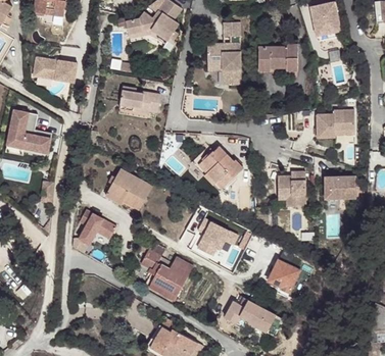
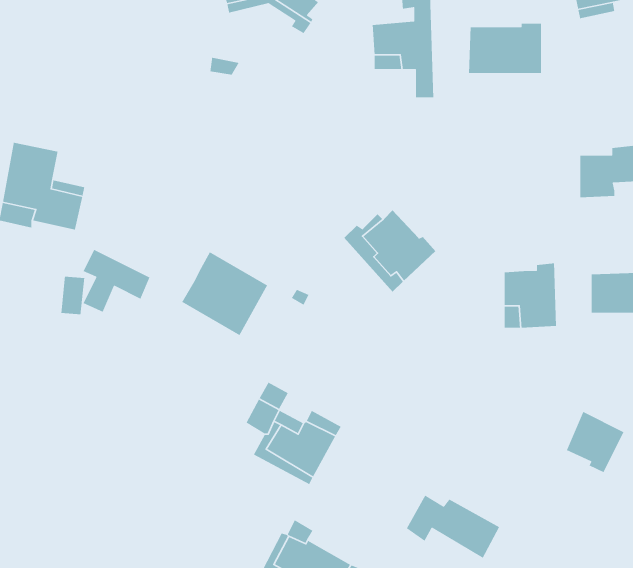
building: [32,56,76,81] -> none
building: [119,88,159,113] -> none
building: [76,206,112,241] -> [82,249,150,313]
building: [197,220,239,258] -> none
building: [268,258,299,292] -> [566,411,624,473]

